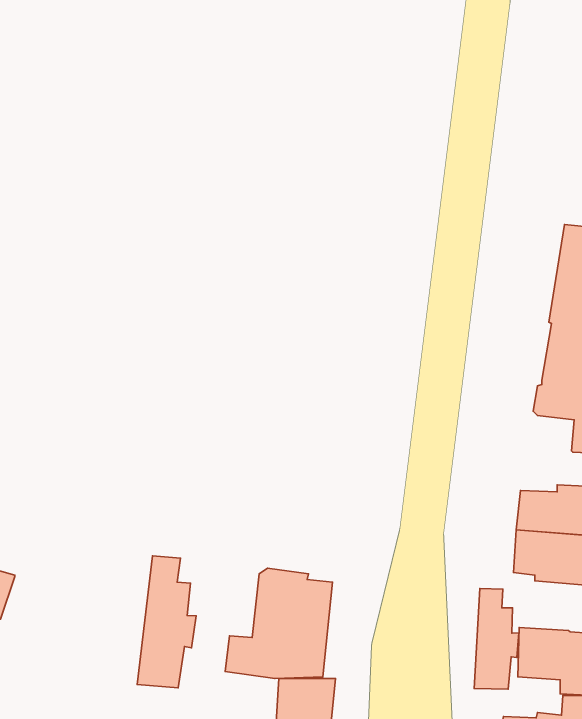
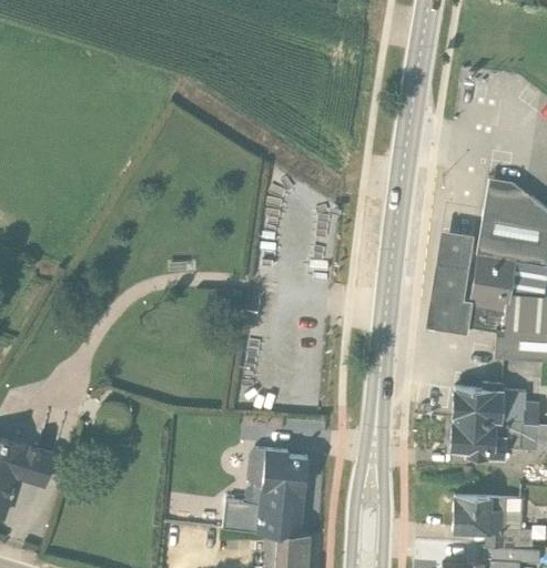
building: none -> [426,227,476,334]
building: [137,556,196,688] -> none
building: [474,588,519,689] -> none

